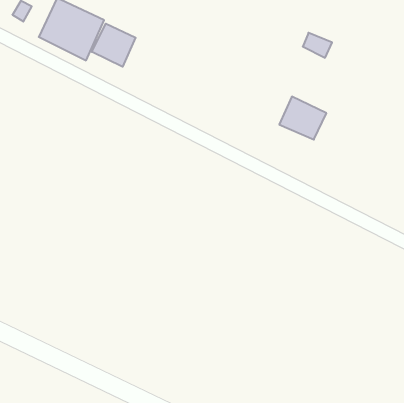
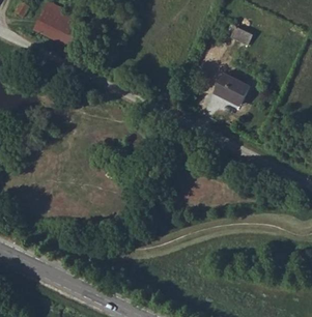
building: [92,24,136,67] -> none

